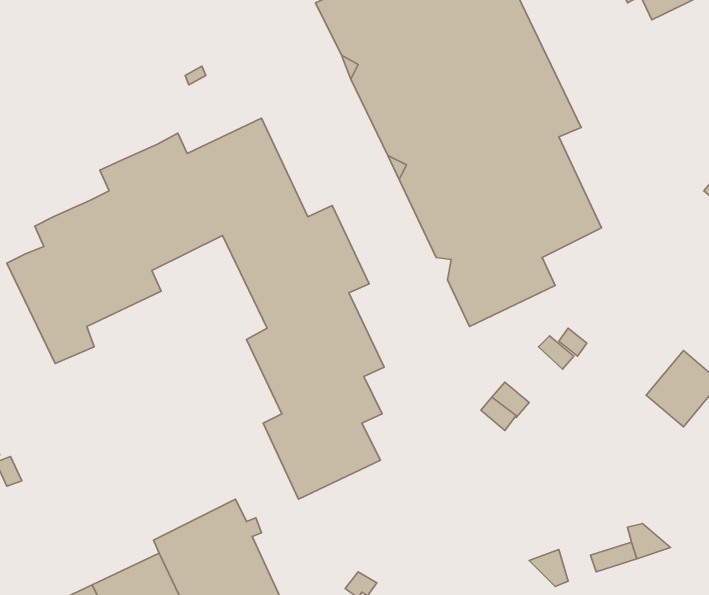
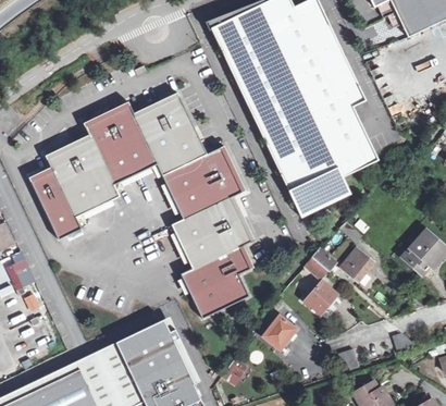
building: none -> [340,248,373,281]
building: none -> [305,281,337,313]
building: none -> [263,315,293,348]

